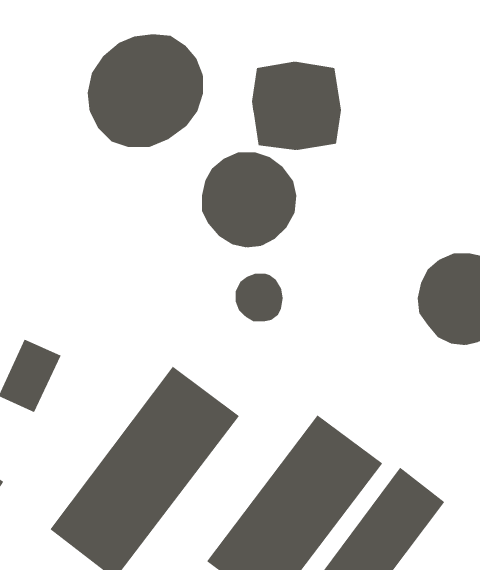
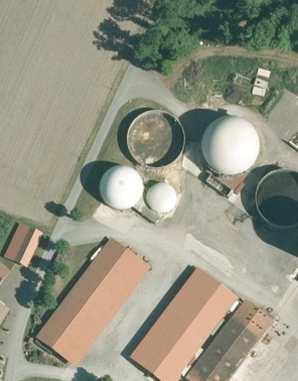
building: [87,33,204,148] -> none
building: [251,61,342,150] -> [204,119,259,172]
building: none -> [100,164,143,208]

